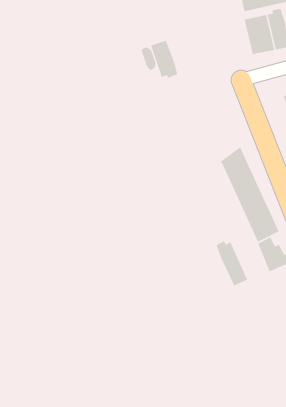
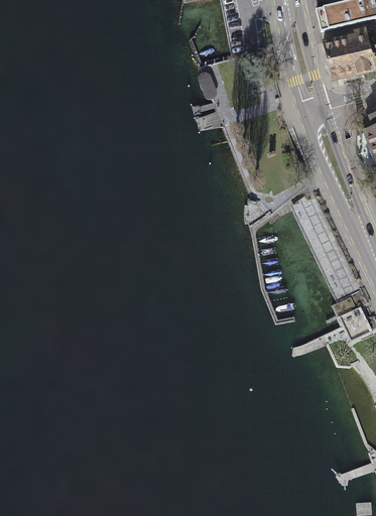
building: [151,40,178,78] -> none
building: [216,241,248,286] -> none

